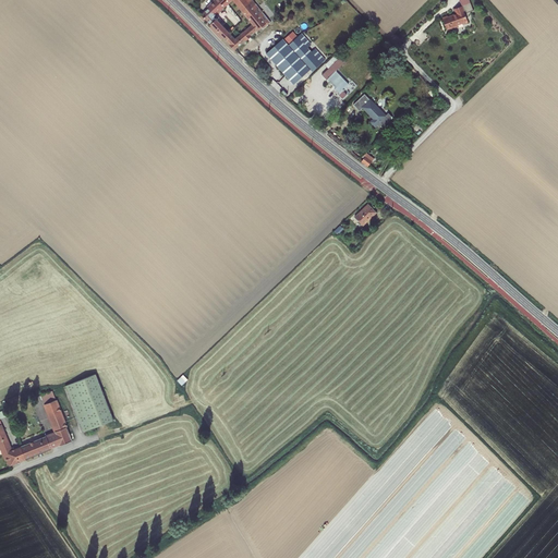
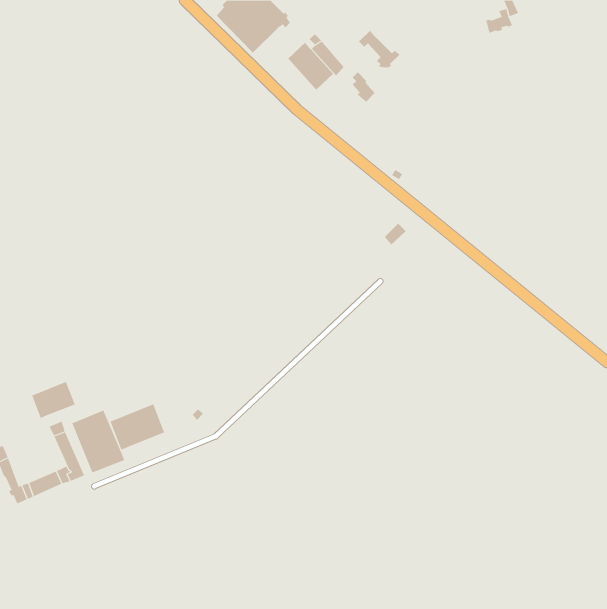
building: [351,93,389,128] -> [358,30,400,68]
building: none -> [31,381,75,419]
building: none -> [110,403,165,451]

